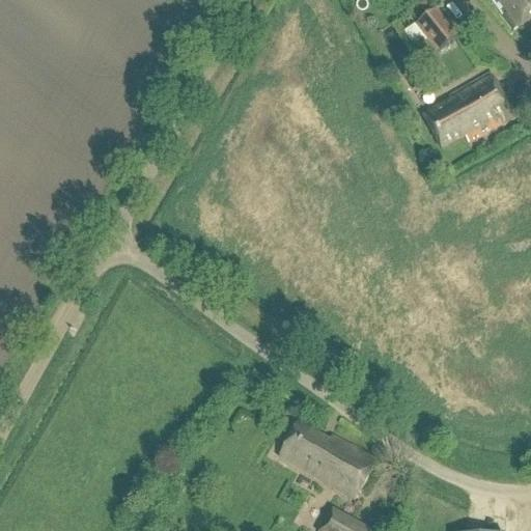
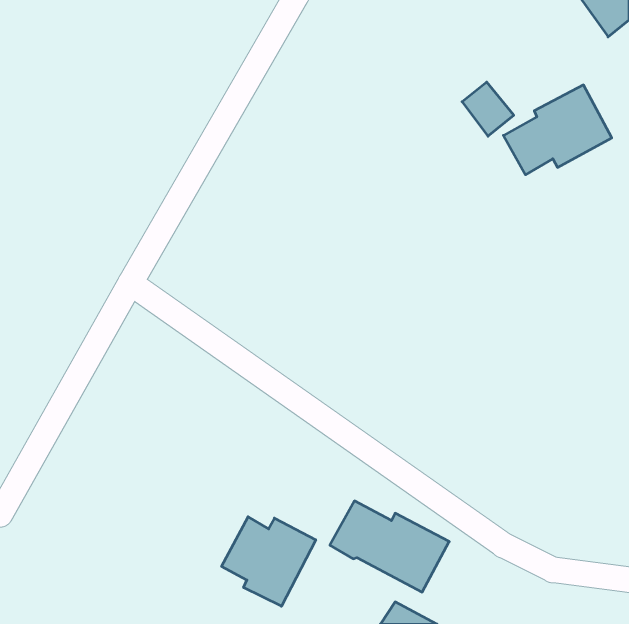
building: [416,8,459,54] -> [462,82,514,136]
building: none -> [222,517,316,606]

